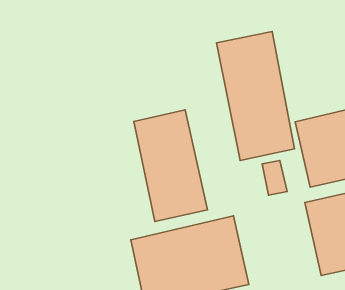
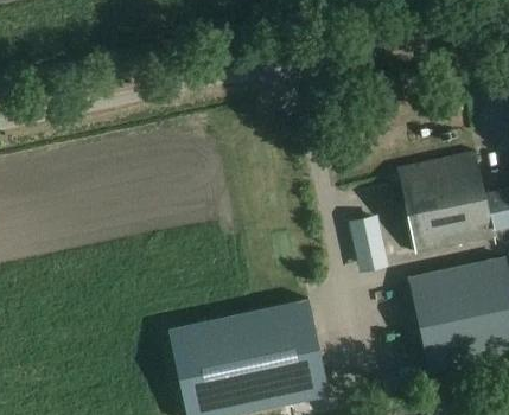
building: [216,32,294,160] -> none
building: [134,110,208,221] -> none

